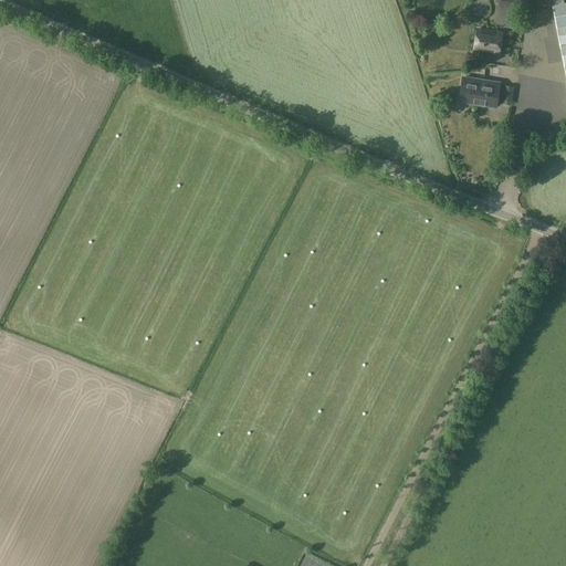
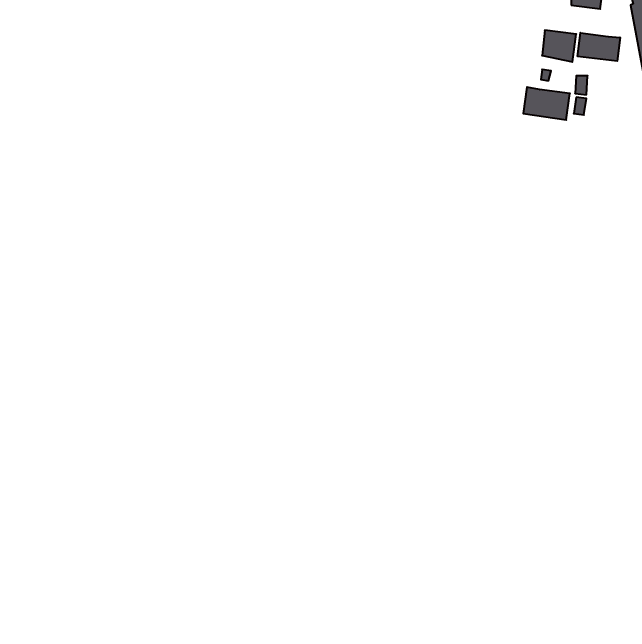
building: none -> [578,33,620,61]

